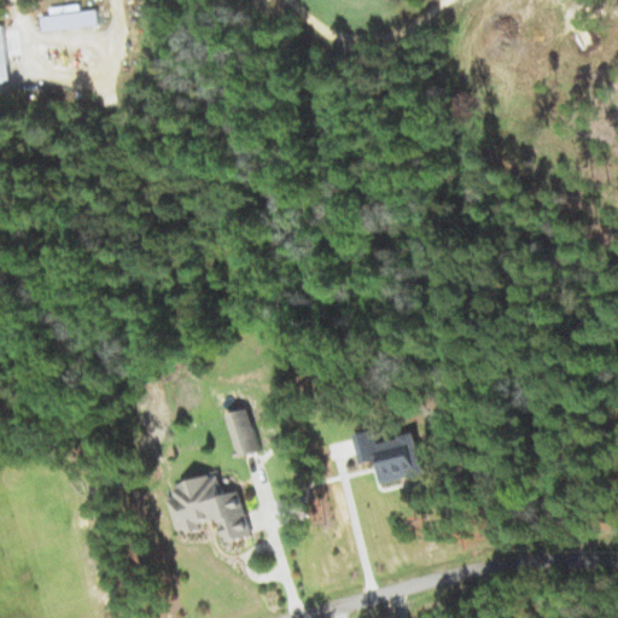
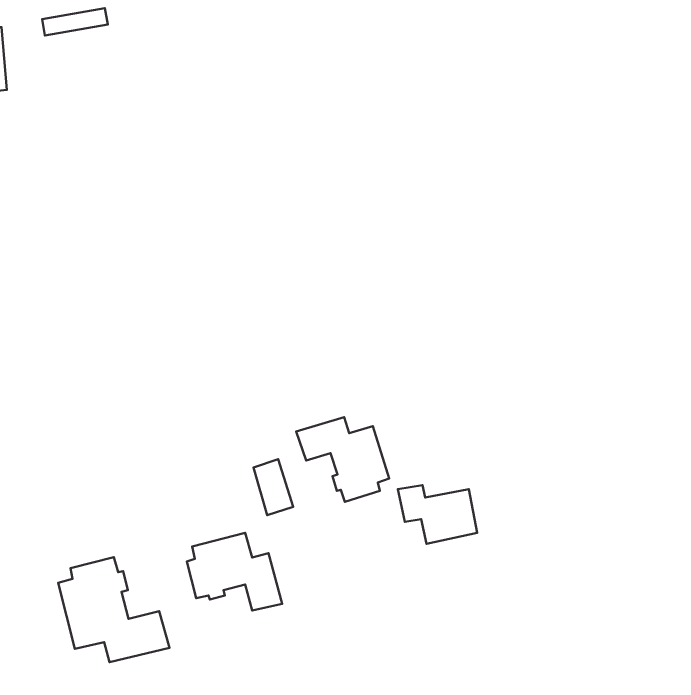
building: none -> [296,417,389,502]
building: none -> [58,557,170,662]

